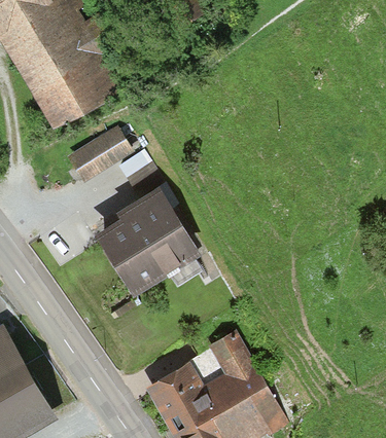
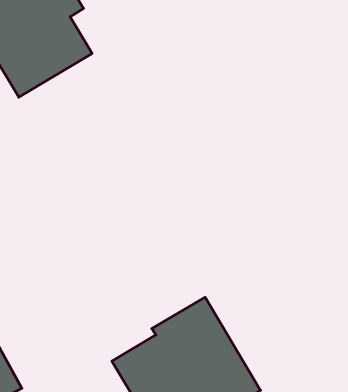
building: [68,125,134,181] -> none
building: [95,190,201,299] -> none

